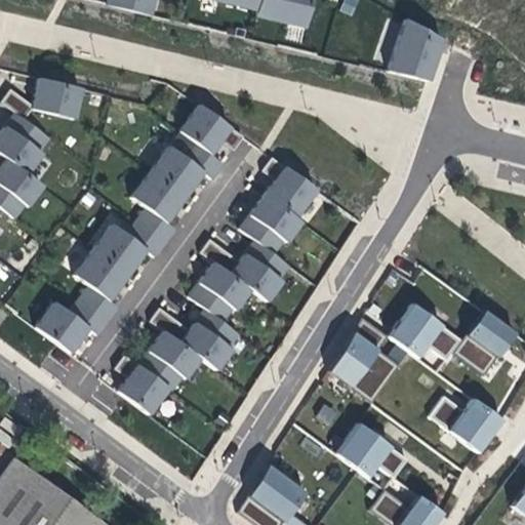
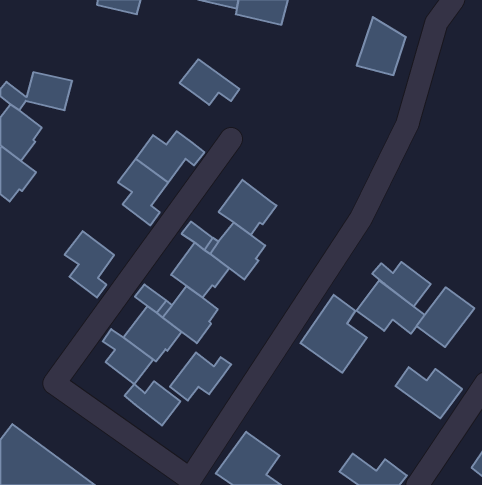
building: [179,105,244,154] -> [180,59,239,105]
building: [262,157,318,217] -> none
building: [93,220,166,275] -> none
building: none -> [372,262,431,307]
building: [36,298,109,353] -> none
building: none -> [170,352,231,401]
building: none -> [125,381,180,426]
building: [336,422,408,477] -> none

